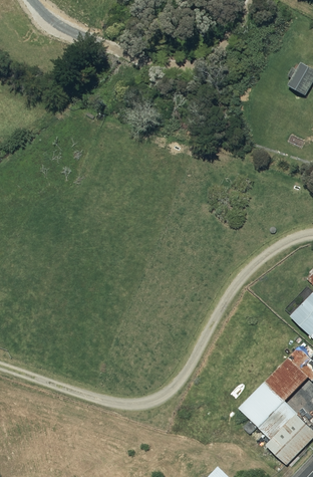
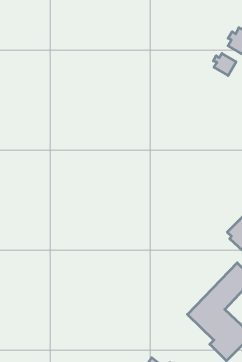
building: none -> [213,53,236,76]

